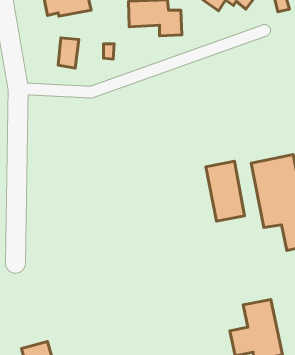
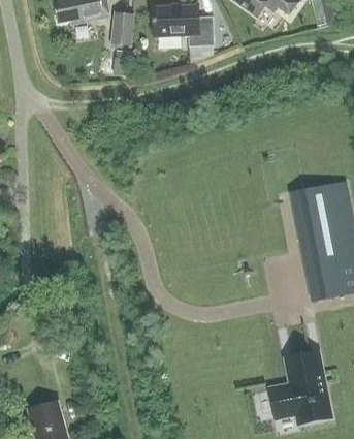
building: [58,38,79,68] -> [110,10,134,45]
building: [206,161,244,221] -> none

